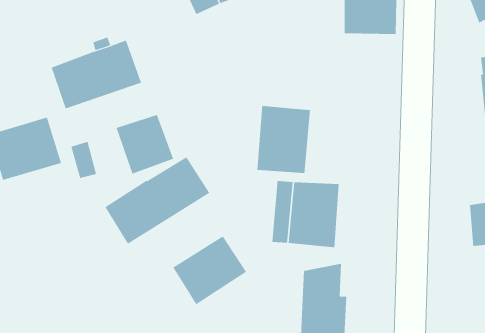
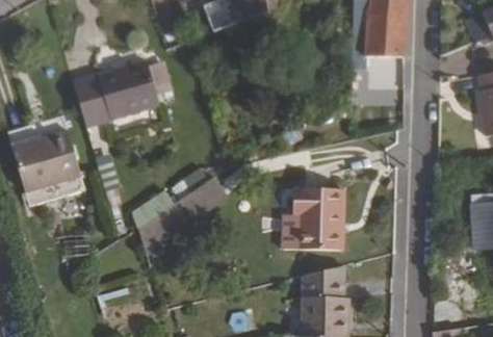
building: [257,105,311,174] -> none
building: [116,114,174,174] -> none
building: [172,235,247,305] -> none

